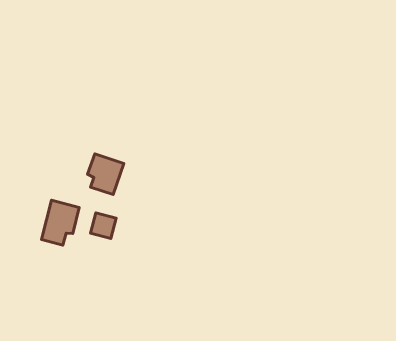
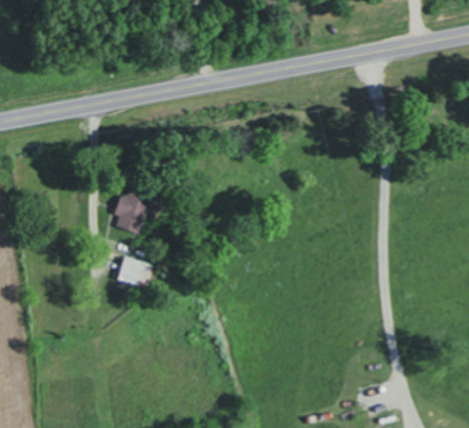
building: [41,200,79,245] -> none

